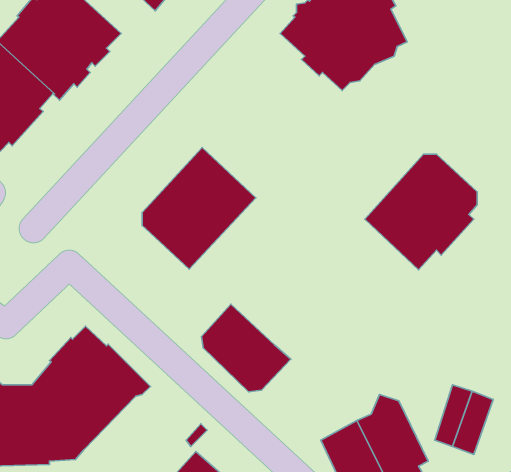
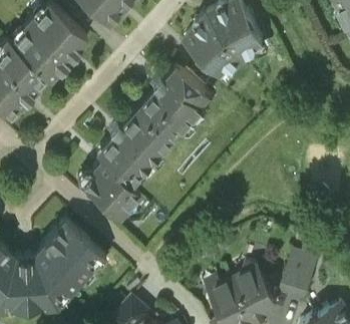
building: [365,154,477,270] -> [136,68,206,139]
building: [201,304,291,392] -> [83,158,138,213]

